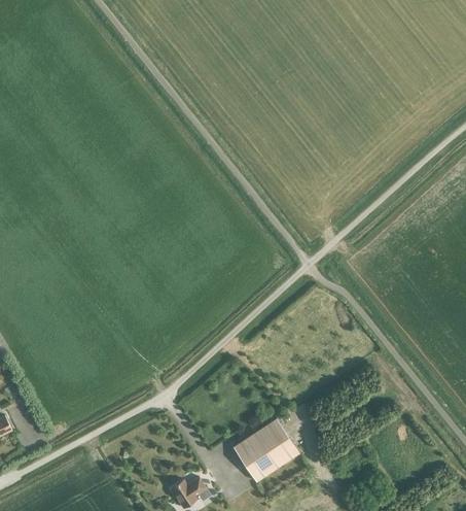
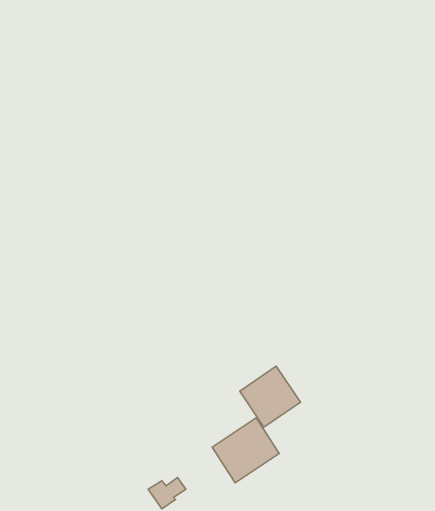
building: none -> [240,366,300,427]

